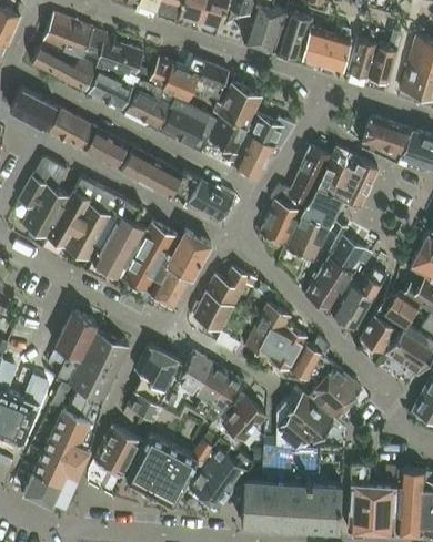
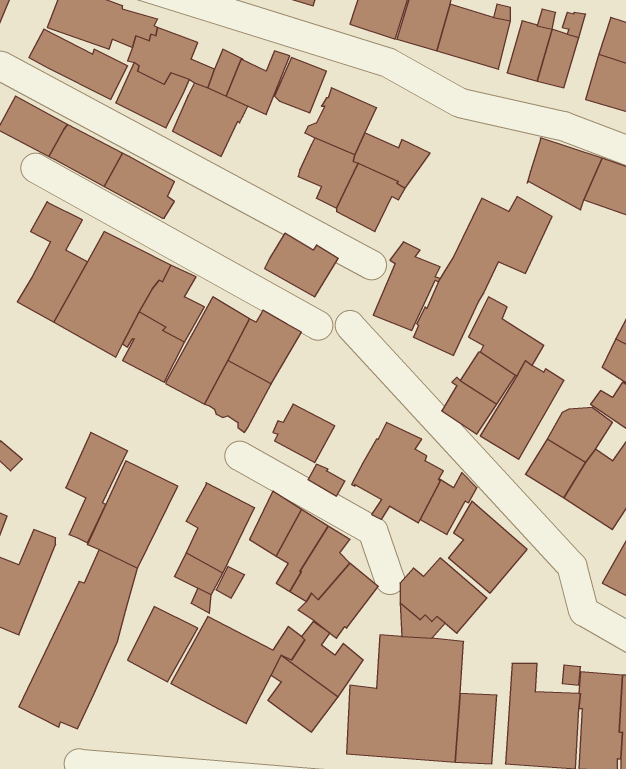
building: [160,100,218,146] -> none
building: [120,145,200,196] -> none
building: [286,146,329,209] -> none
building: [205,268,255,307] -> none

